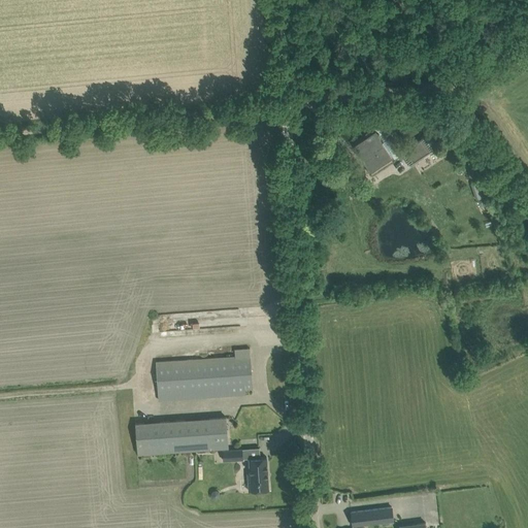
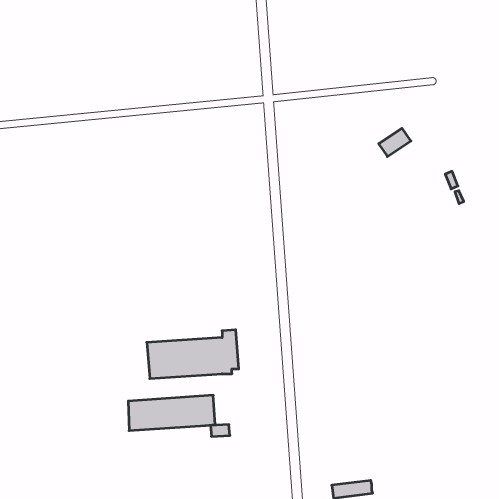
building: [355,132,392,171] -> none
building: [246,458,267,492] -> none

